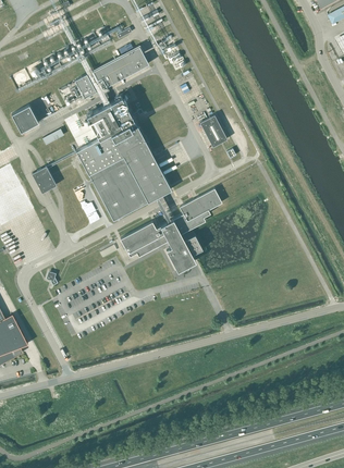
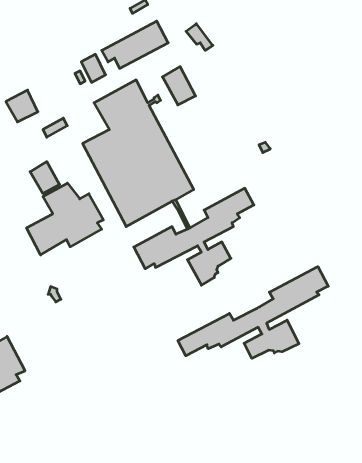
building: [199,114,228,147] -> [162,67,196,105]
building: none -> [27,183,103,255]
building: none -> [178,267,328,358]

